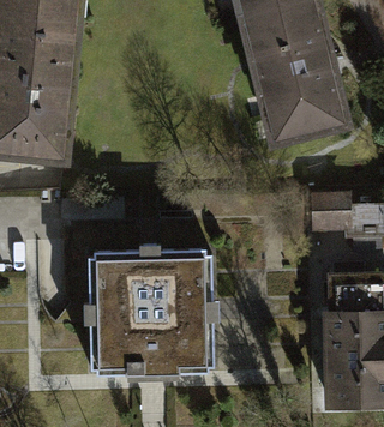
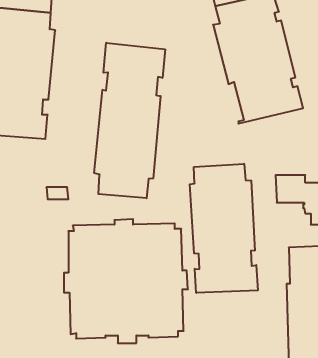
building: none -> [94,43,165,198]
building: none -> [190,164,258,293]

